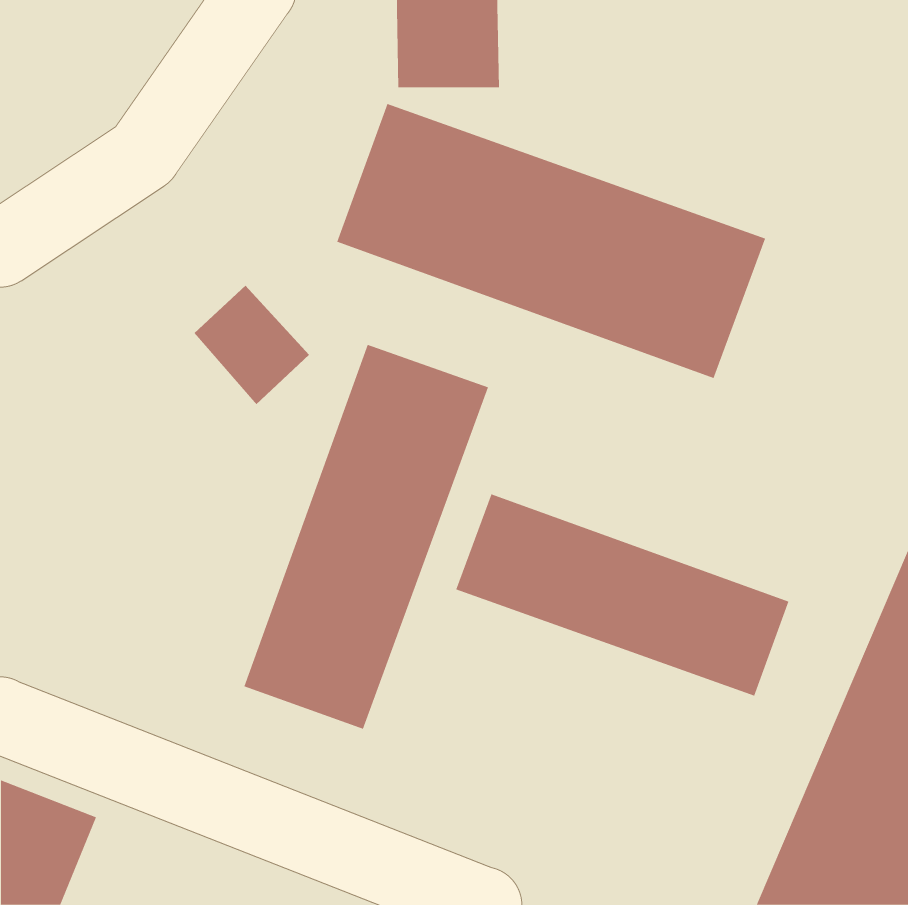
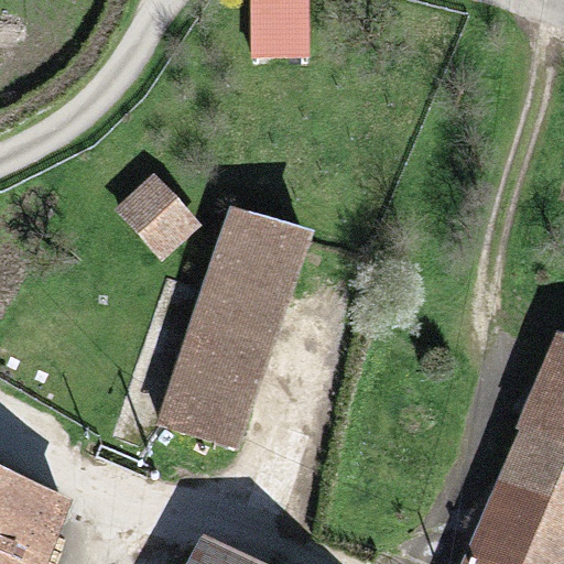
building: [337,103,766,379] -> none
building: [456,493,789,696] -> none

